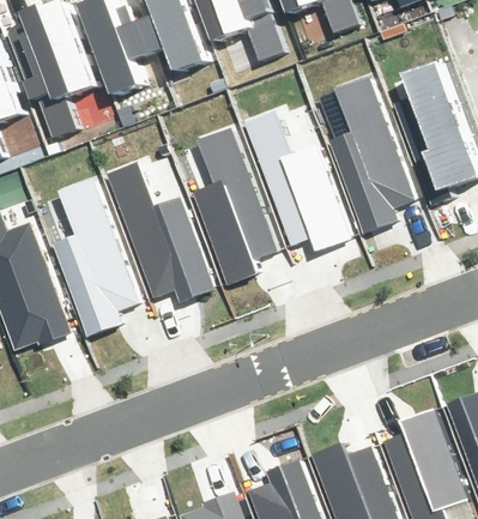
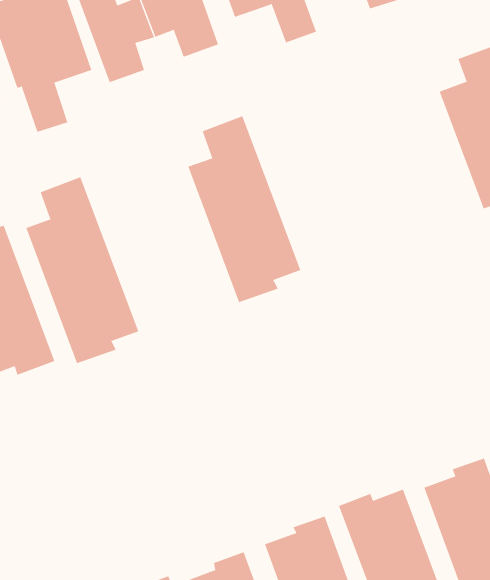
building: [322,74,418,233] -> none
building: [238,105,346,248] -> none
building: [102,157,210,301] -> none

